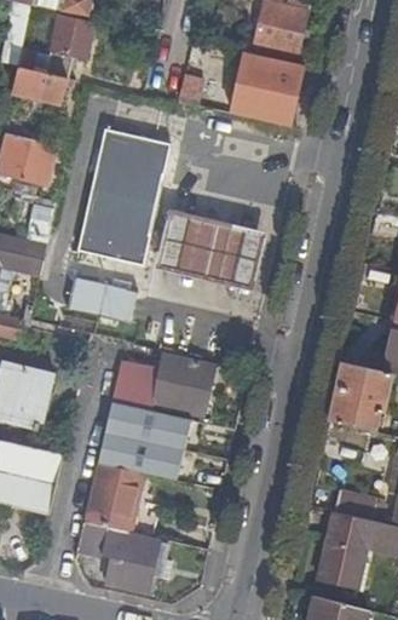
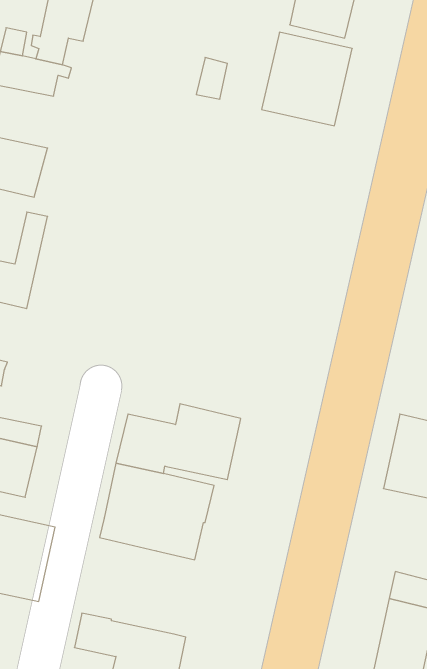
building: [77,127,171,264] -> none
building: [157,209,264,287] -> none
building: [69,276,135,322] -> none
building: [85,461,144,532] -> none

